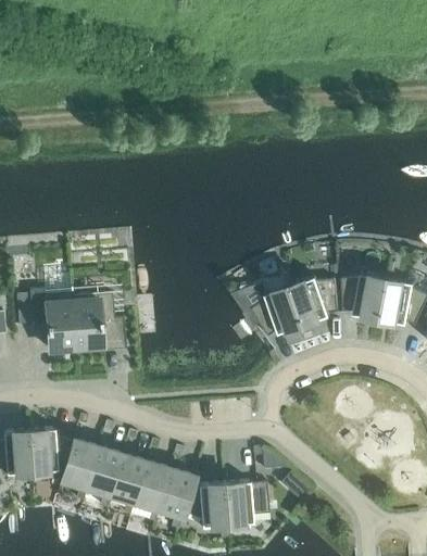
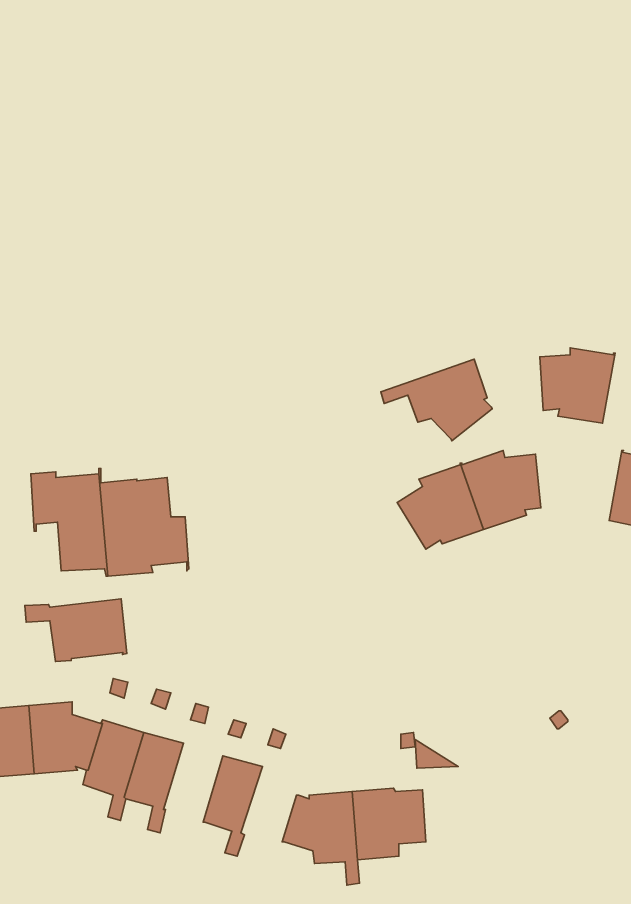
building: none -> [381,359,492,441]
building: [340,274,386,319] -> [540,348,615,423]
building: none -> [25,599,127,661]
building: [109,454,145,515] -> none
building: [155,468,193,530] -> none

